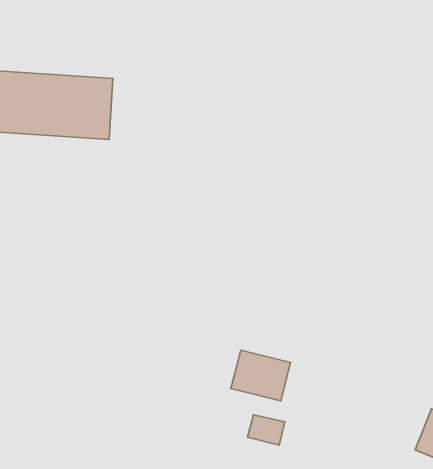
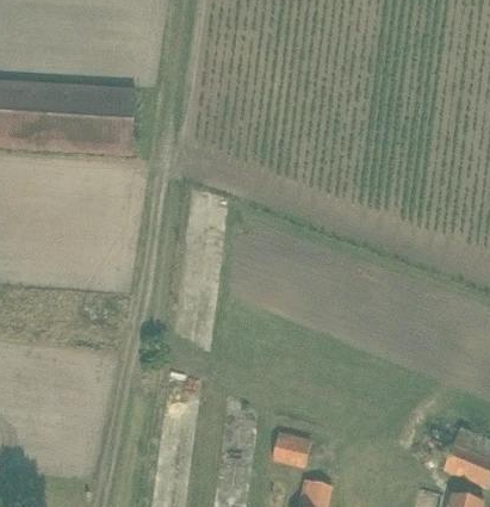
building: [231,350,291,401] -> none

